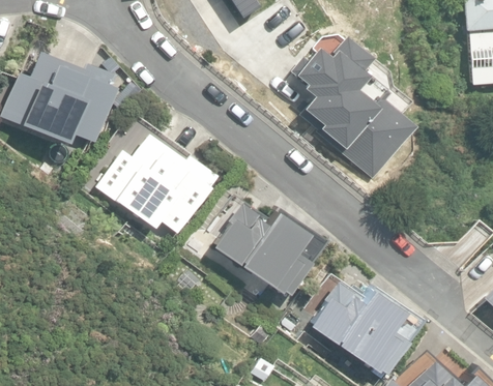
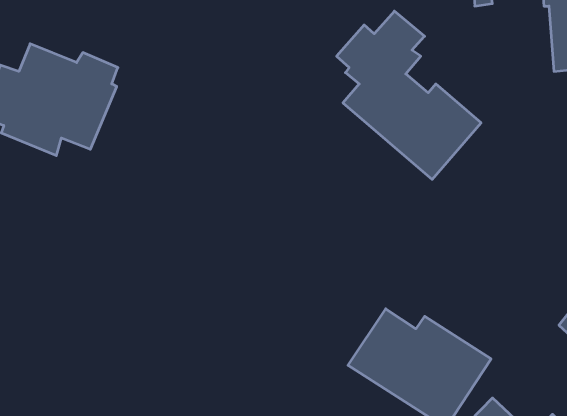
building: [96,130,219,228] -> none
building: [210,197,326,296] -> none

